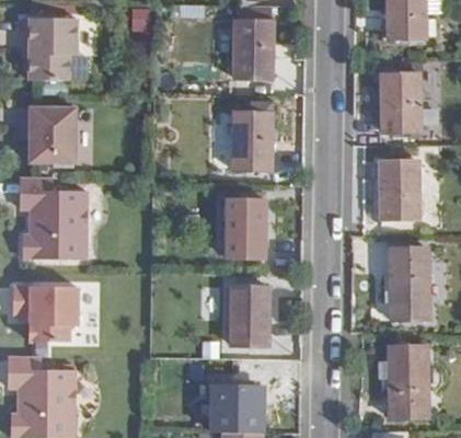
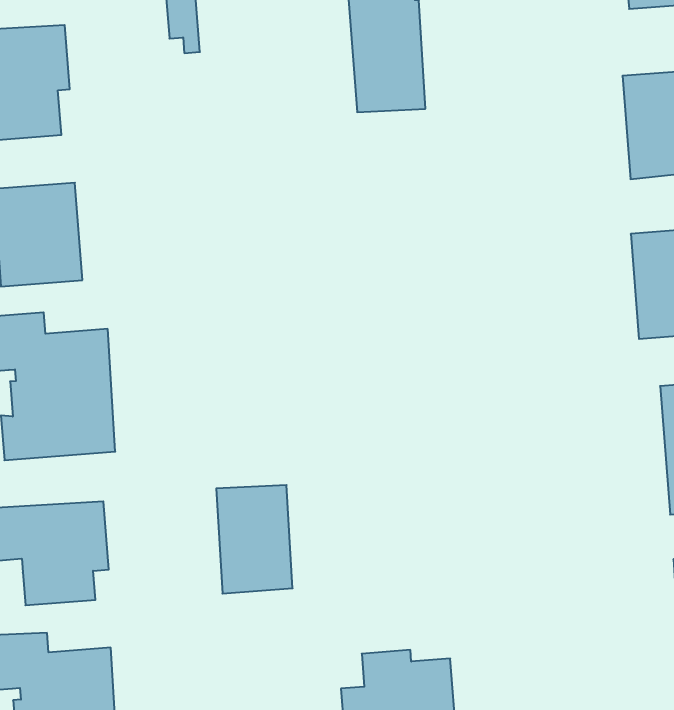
building: [232,113,273,171] -> none
building: [224,200,265,260] -> none
building: [230,288,270,347] -> [216,485,293,594]

